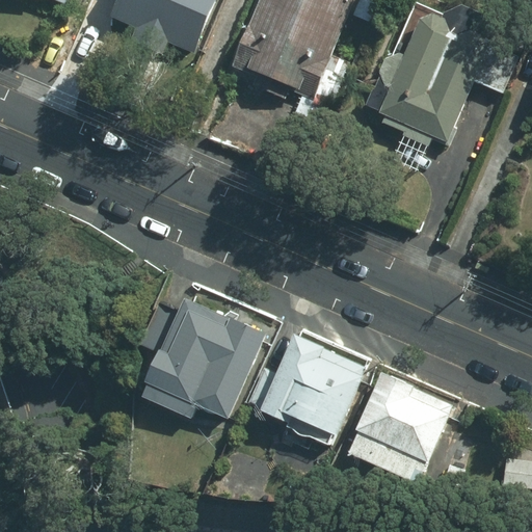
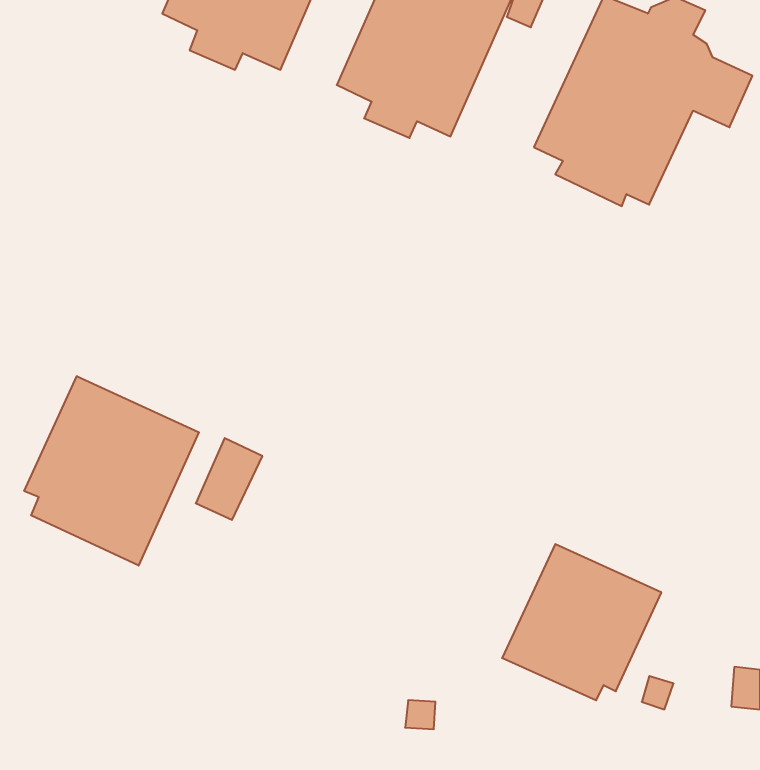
building: none -> [24,376,199,566]
building: [143,302,265,420] -> none
building: [243,336,368,446] -> none

